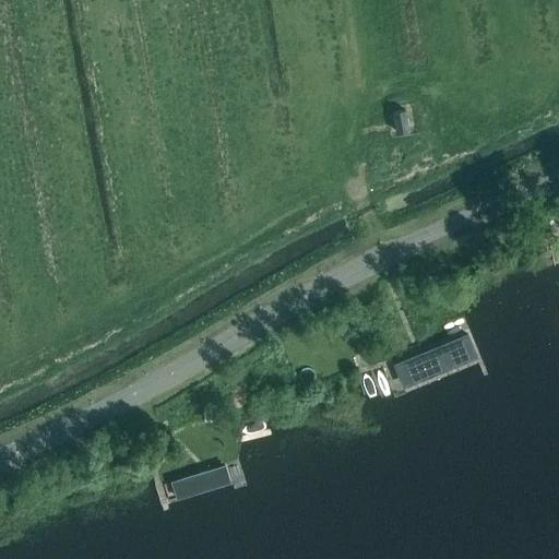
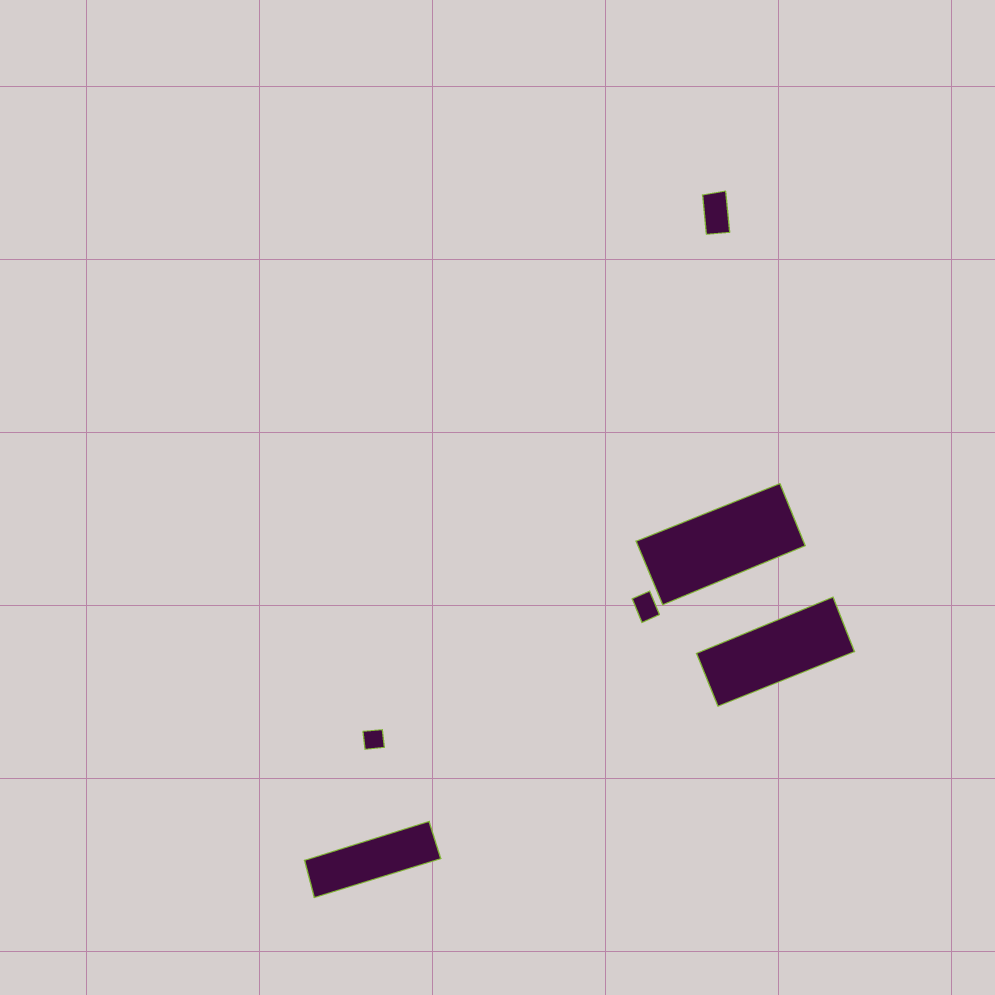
building: none -> [636,484,805,605]

